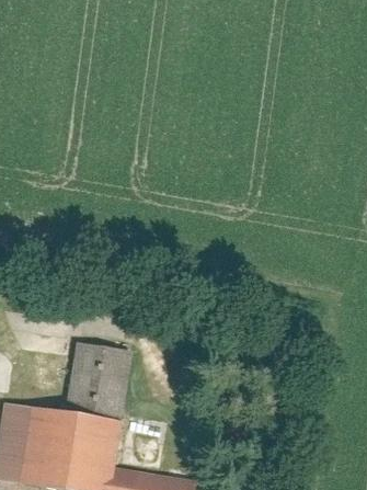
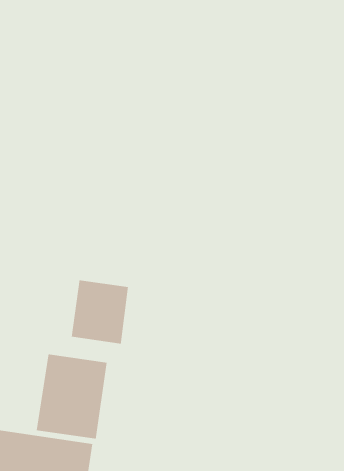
building: none -> [71,280,128,344]

